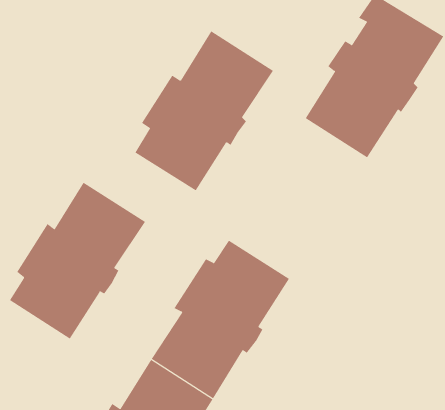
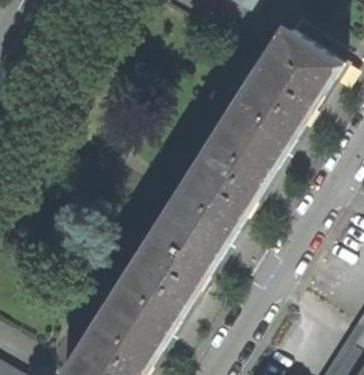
building: [134,31,274,191] -> [178,121,283,242]
building: [9,182,146,339] -> none

